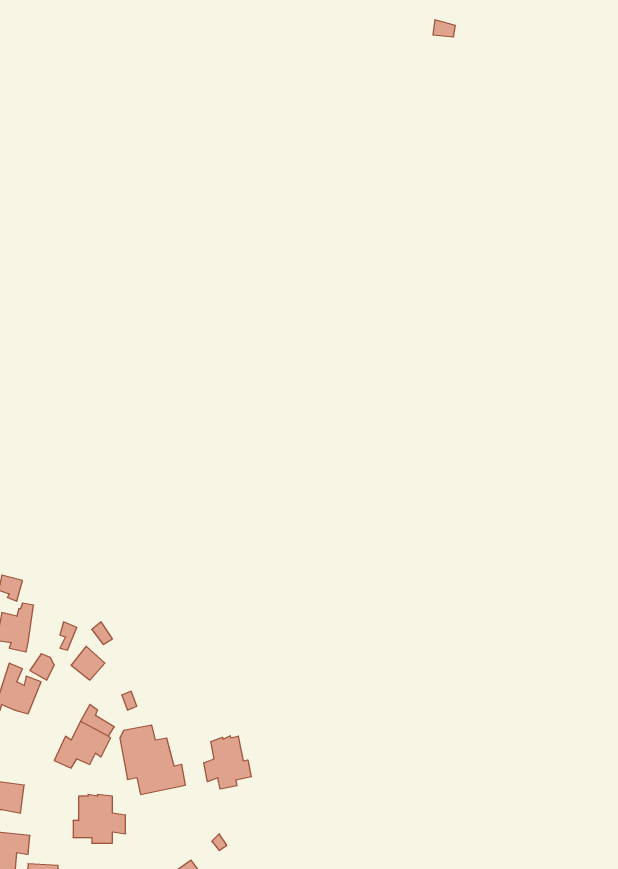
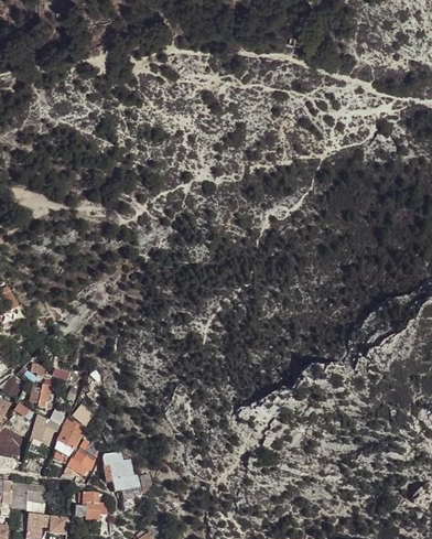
building: none -> [54,419,86,456]
building: [204,736,251,789] -> none

